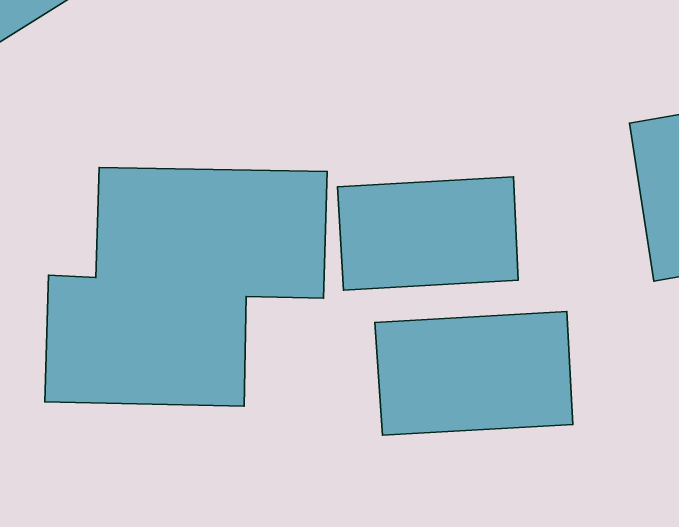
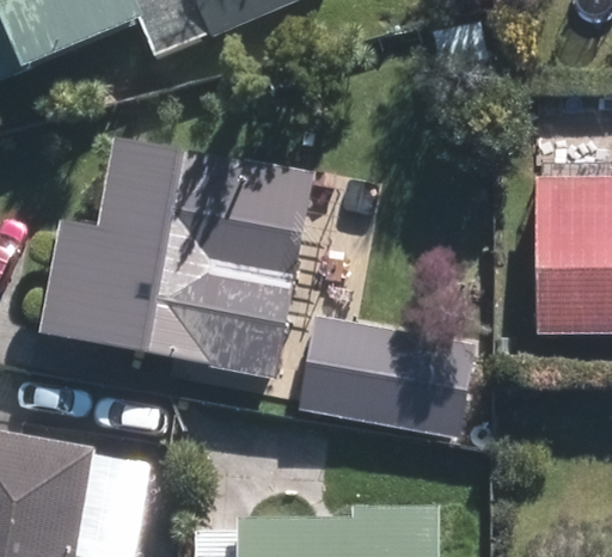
building: [337,177,518,290] -> none

